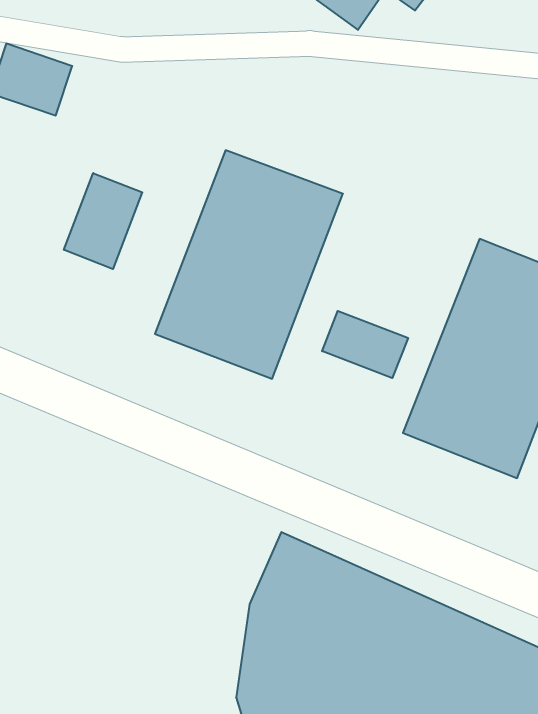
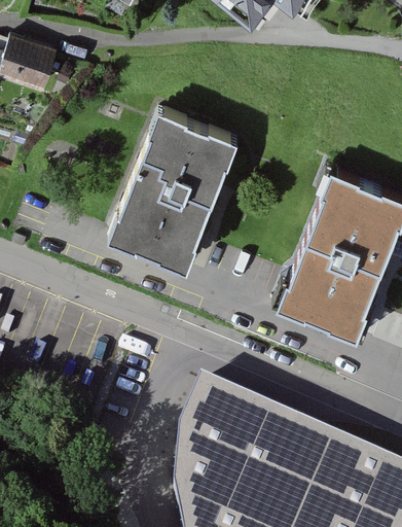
building: [64,173,142,269] -> none
building: [322,311,408,378] -> none

